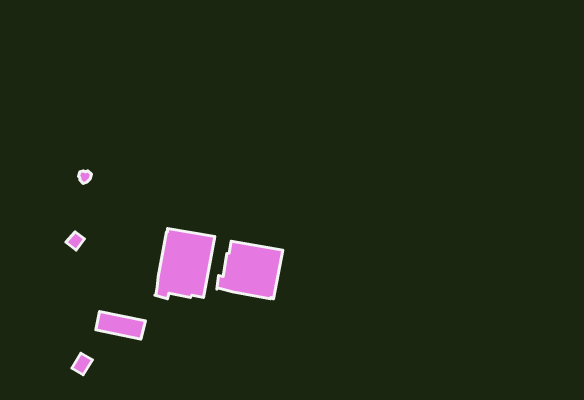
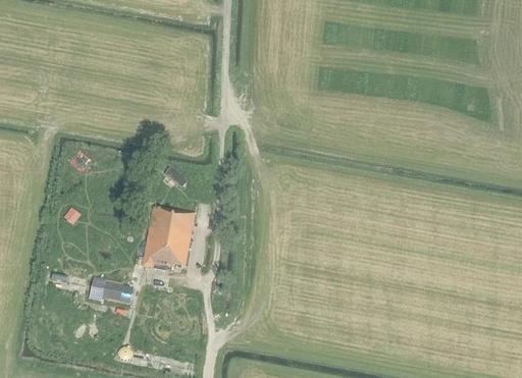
building: [217,241,283,299] -> none

